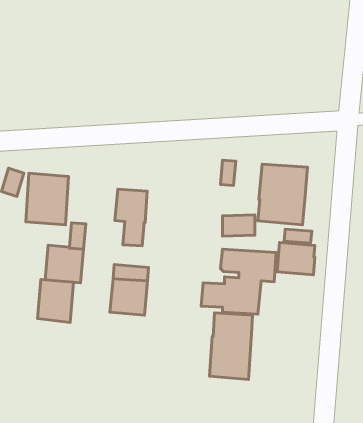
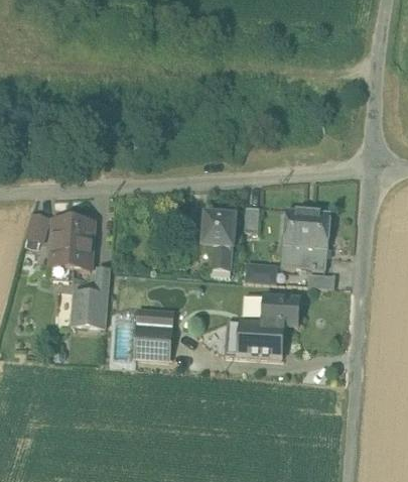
building: [115,189,147,246] -> [202,213,235,269]
building: [277,242,315,275] -> none
building: [38,279,74,322] -> none
building: [210,313,253,380] -> none

